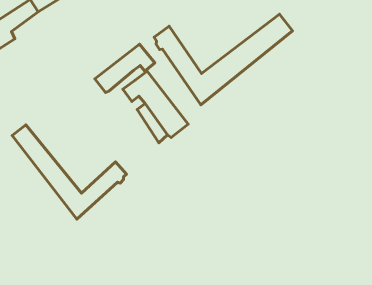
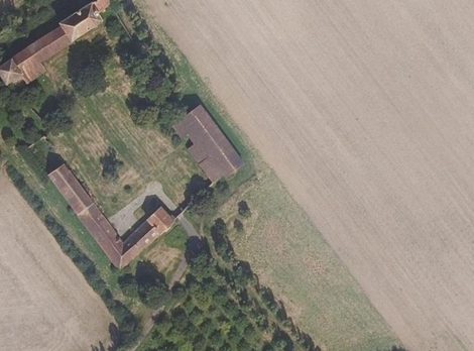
building: [154,14,293,105] -> none
building: [95,44,155,93] -> none

